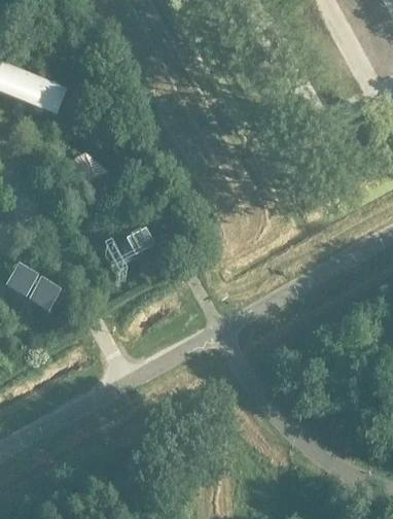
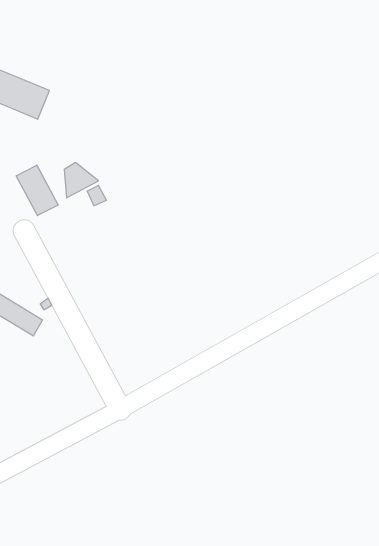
building: none -> [16,165,58,216]
building: [104,232,148,276] -> none

